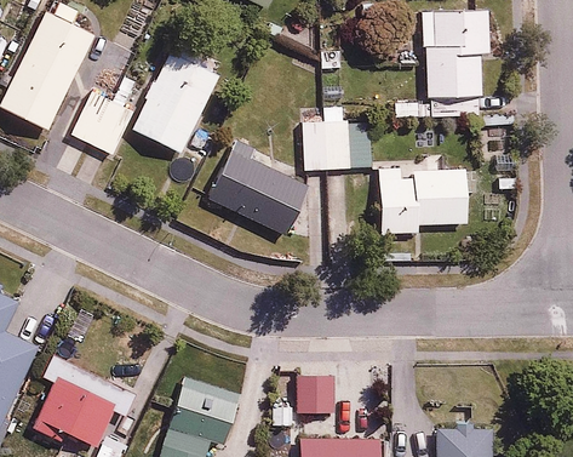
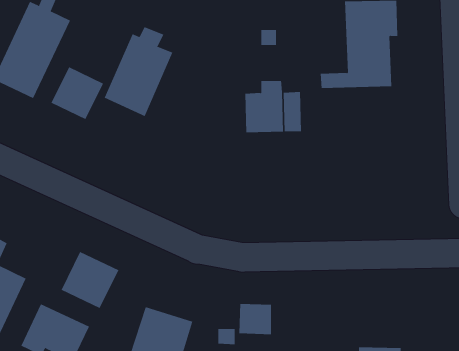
building: [207,139,310,235] -> none
building: [378,166,466,234] -> none
building: none -> [61,251,119,309]

